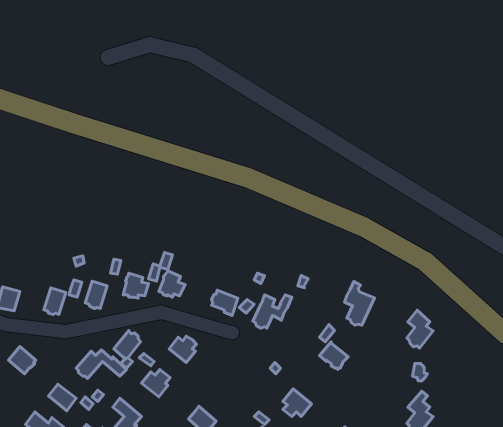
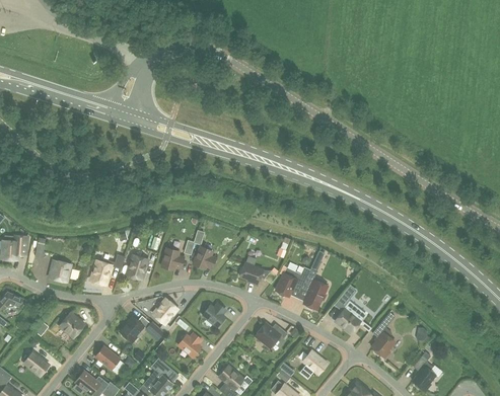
building: [345,282,374,325] -> [301,270,328,309]
building: [407,310,433,348] -> [371,322,395,355]
building: none -> [256,323,287,346]

